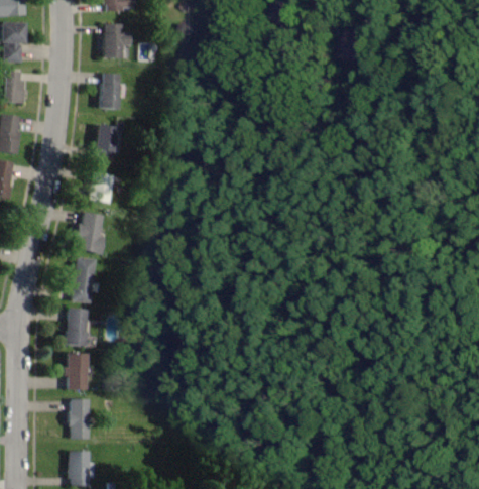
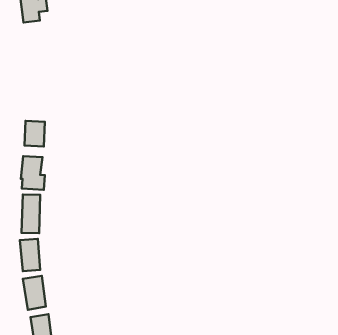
building: [101,73,122,109] -> none
building: [96,125,118,159] -> none

